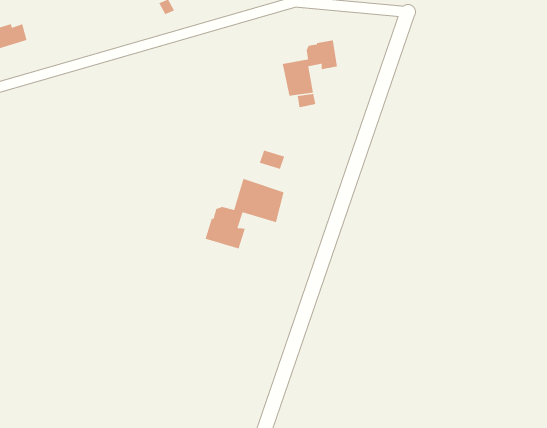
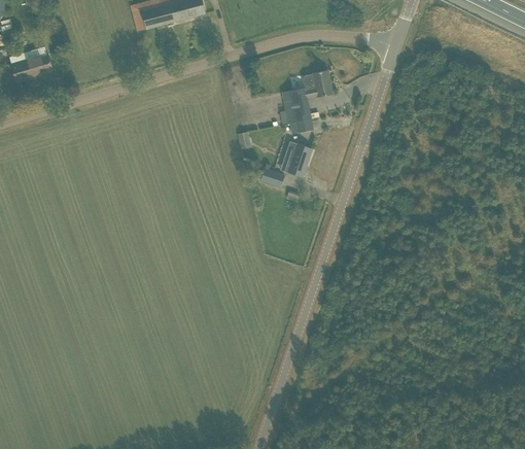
building: none -> [286,143,311,175]
building: [204,178,285,249] -> none

